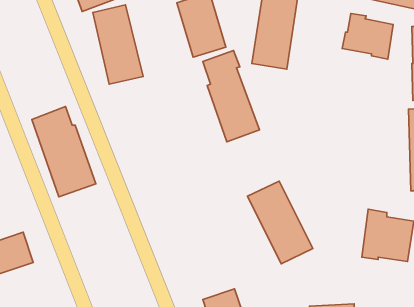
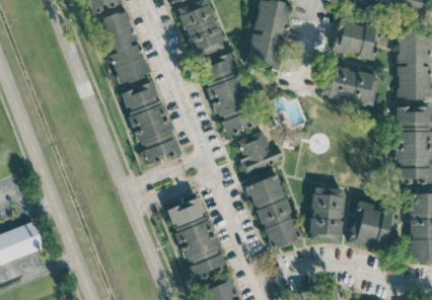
building: none -> [321,65,379,106]
building: [32,107,96,197] -> [121,80,181,164]
building: none -> [237,130,284,173]
building: none -> [309,185,345,242]
building: none -> [166,197,226,280]

